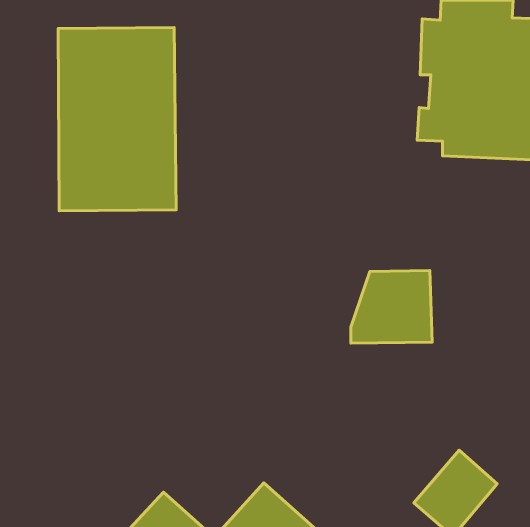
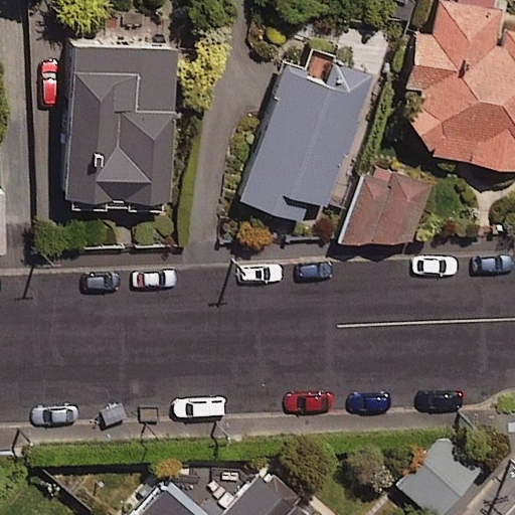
building: none -> [240,61,370,220]
building: [351,270,432,343] -> [343,176,420,245]

